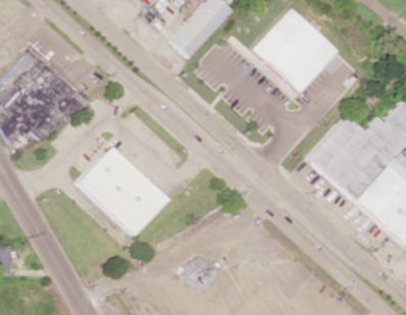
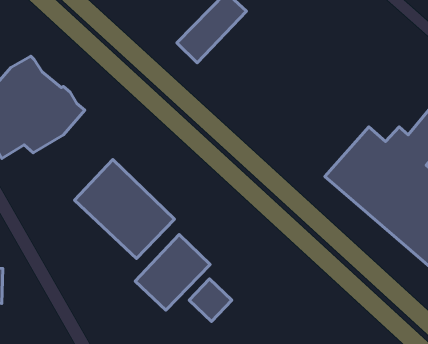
building: [250,8,336,98] -> none
building: none -> [135,235,210,310]

